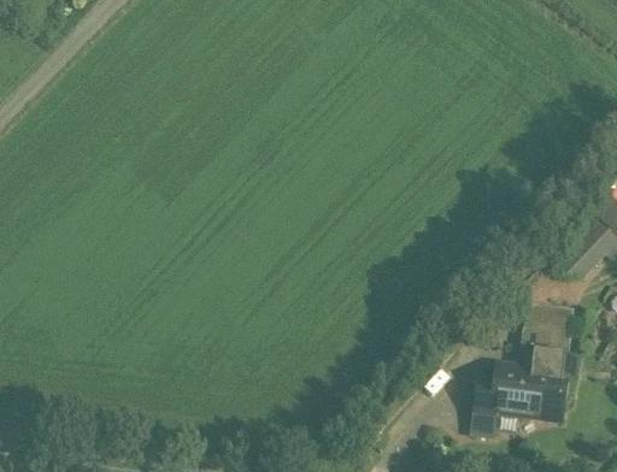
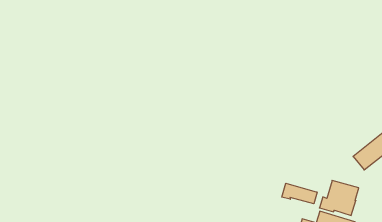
building: none -> [282,183,317,204]

